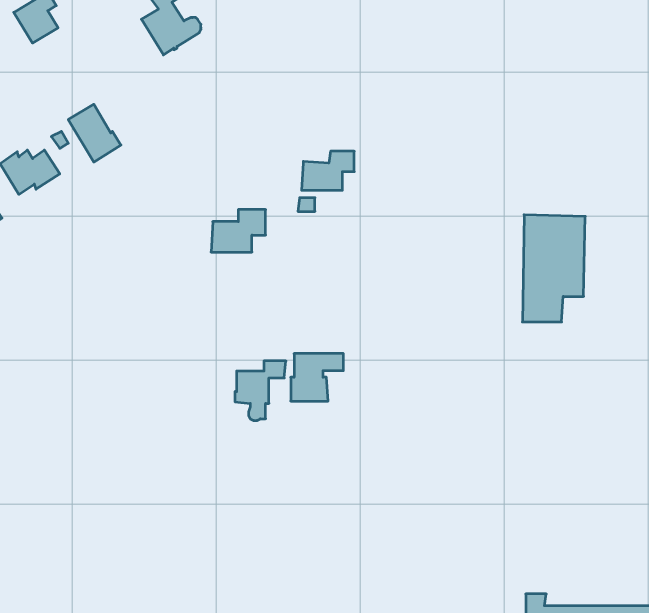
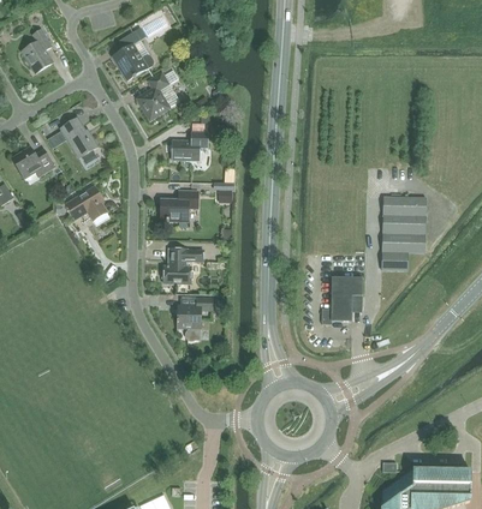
building: none -> [137,70,179,118]
building: [302,151,354,190] -> [171,131,208,158]
building: none -> [64,185,106,218]
building: none -> [320,276,361,323]
building: [291,354,343,401] -> [165,248,202,282]

